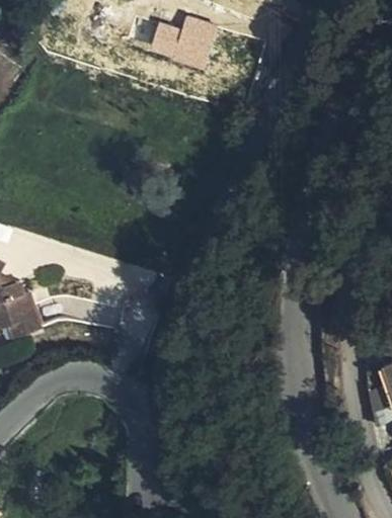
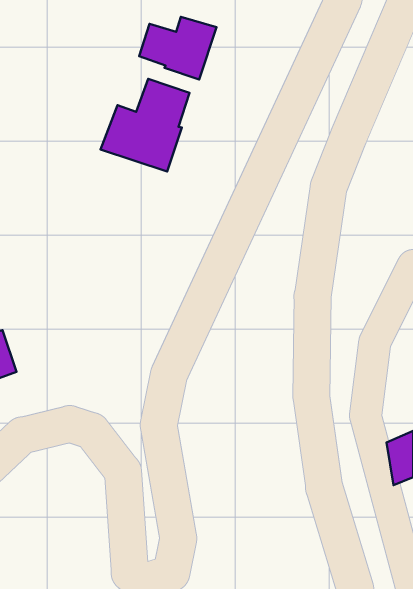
building: none -> [101,79,189,172]

